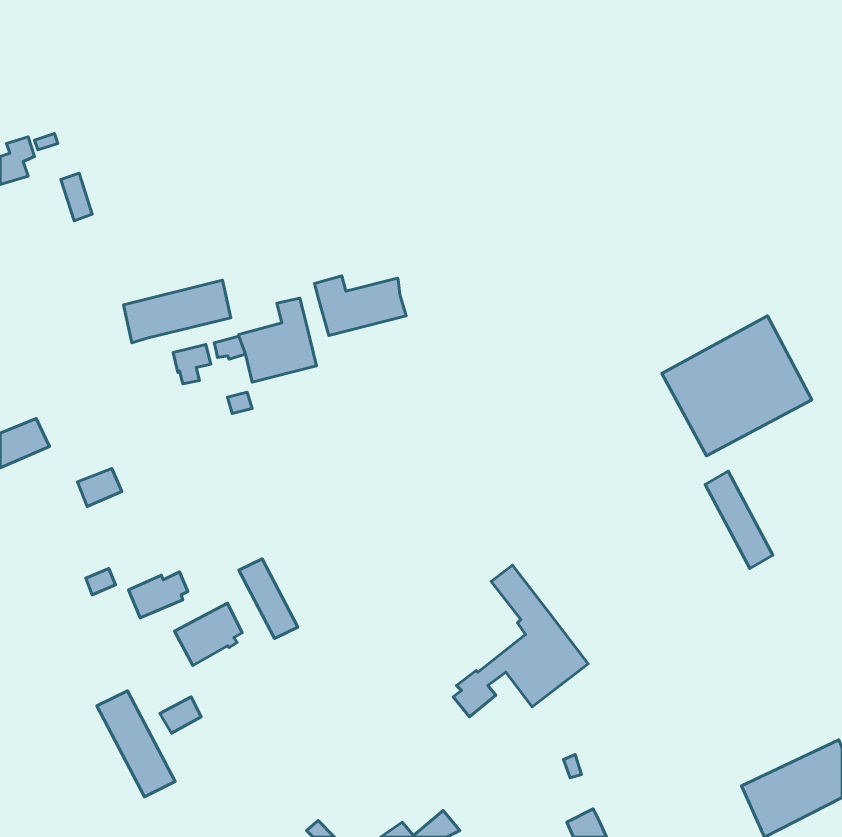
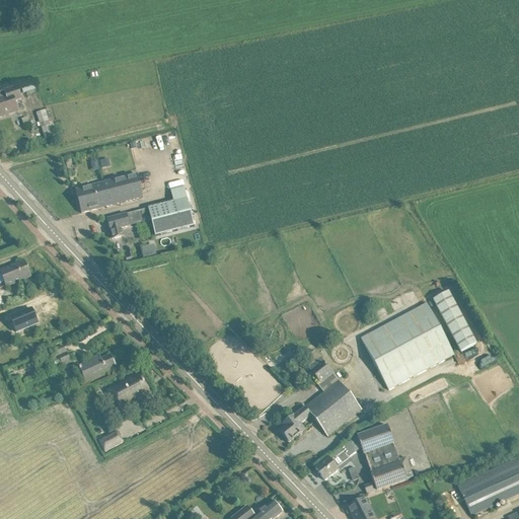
building: [314,276,406,336] -> none
building: [662,316,812,456] -> [362,301,454,387]
building: [77,469,122,506] -> [10,306,38,329]
building: [239,559,298,639] -> none
building: none -> [315,423,413,492]
building: [97,691,175,797] -> none

